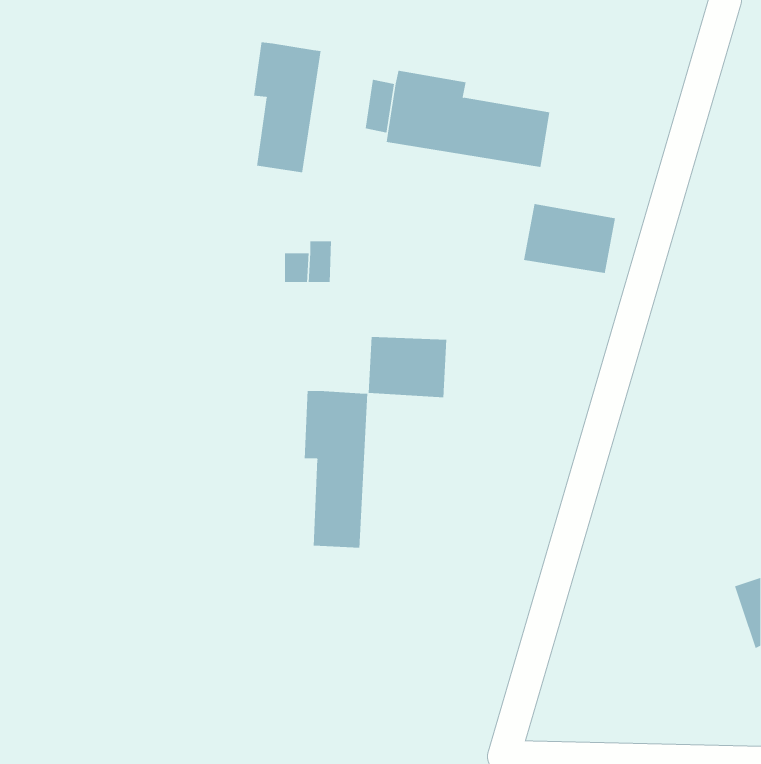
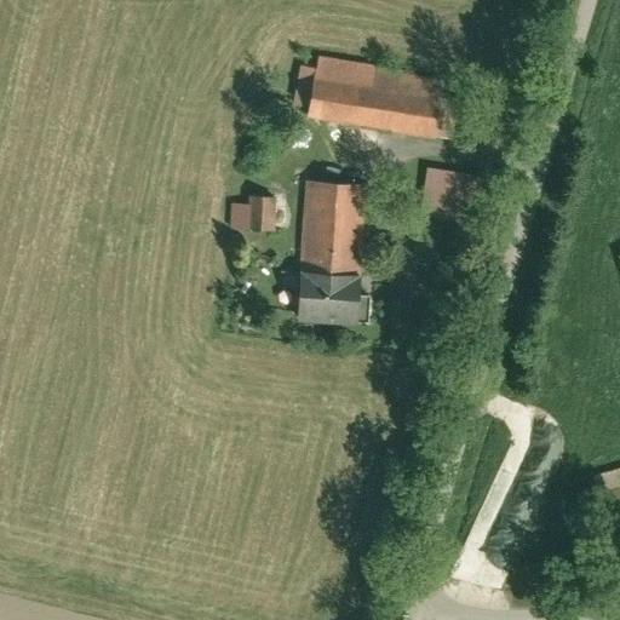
building: [254,42,321,173] -> none
building: none -> [300,182,367,275]
building: [304,390,368,549] -> none

